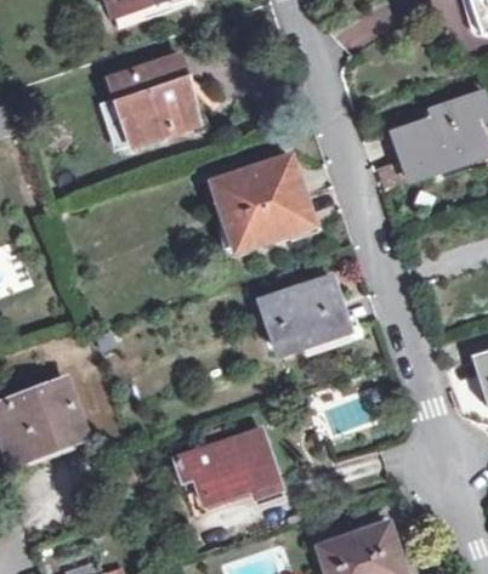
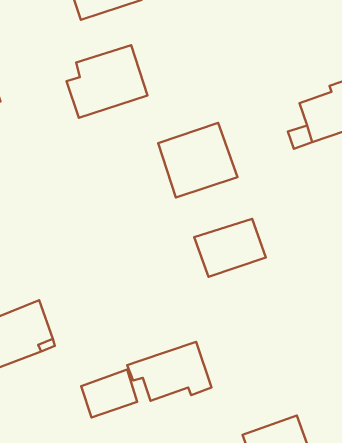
building: none -> [81,370,137,417]

